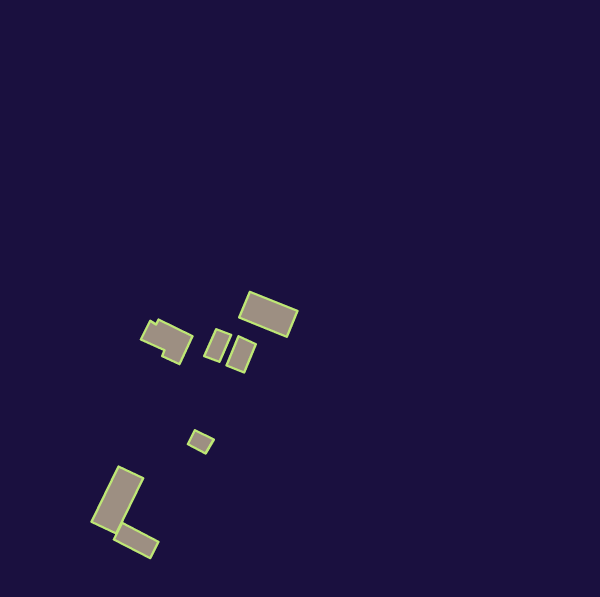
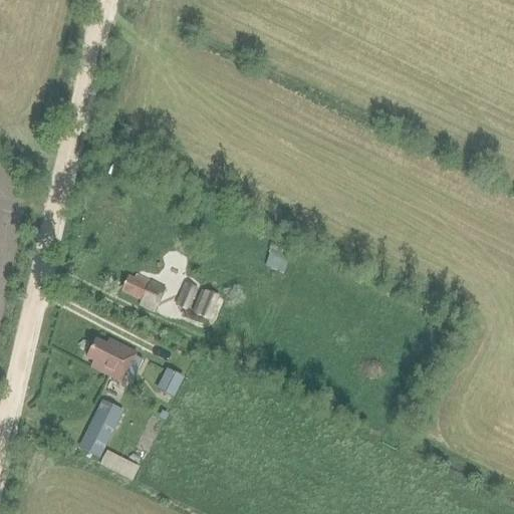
building: [239,292,297,337] -> none
building: none -> [87,339,136,381]

